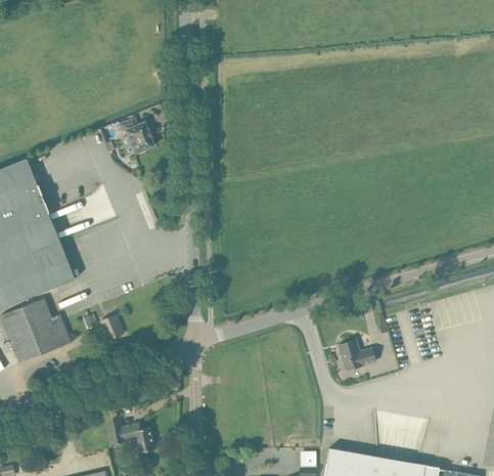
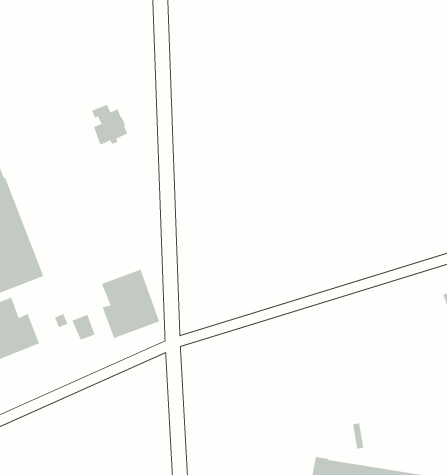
building: none -> [101,269,160,339]
building: [339,339,375,370] -> none
building: [106,415,154,451] -> none

